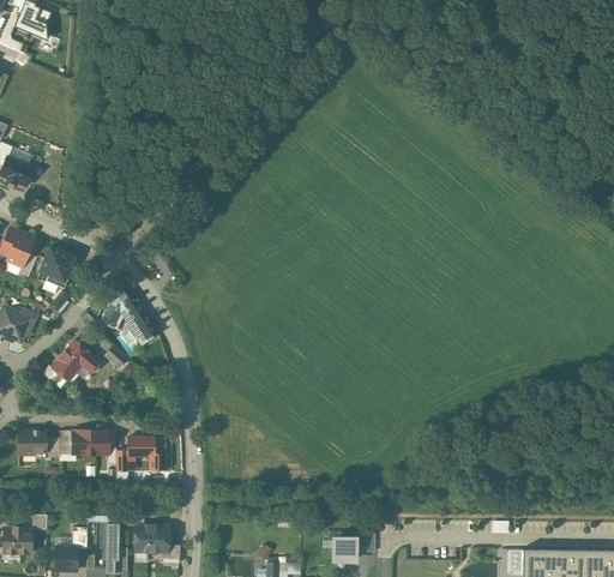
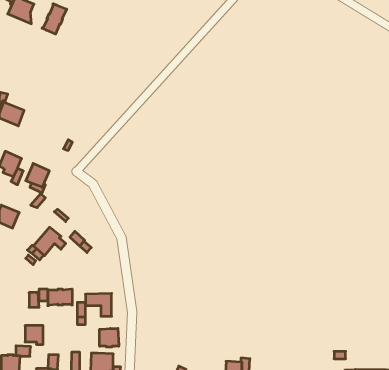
building: none -> [42,4,67,34]
building: [98,289,152,344] -> none
building: [17,431,43,458] -> [25,326,43,344]
building: none -> [100,328,119,347]

